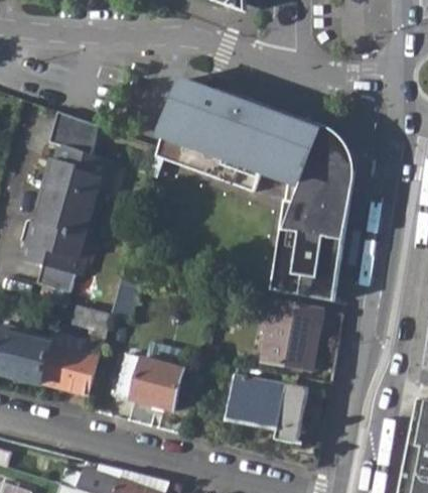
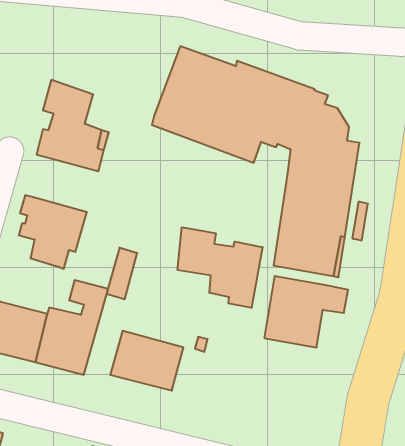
building: [36,183,102,239] -> none
building: none -> [178,227,263,308]
building: [226,375,307,444] -> none

